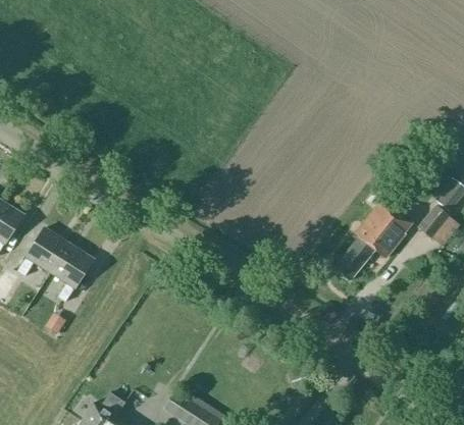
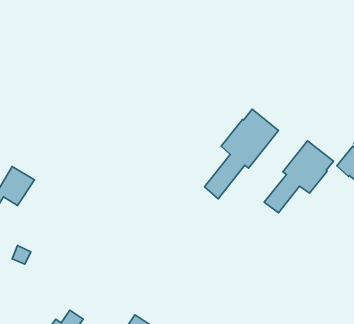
building: none -> [204,109,279,199]
building: [50,243,94,302] -> none

